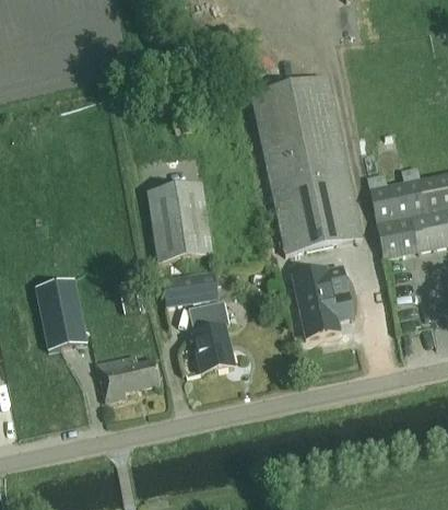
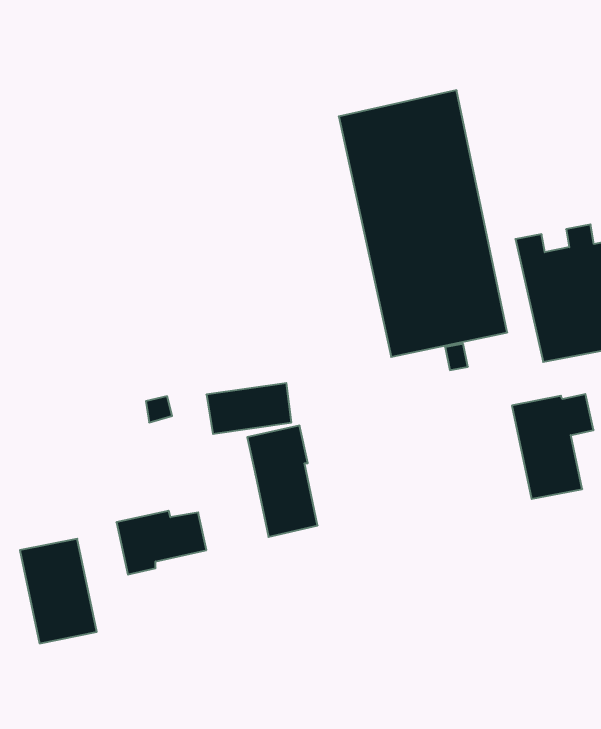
building: [148,183,212,263] -> none
building: [294,267,349,337] -> [512,394,594,499]
building: [36,279,87,349] -> [20,539,97,643]

